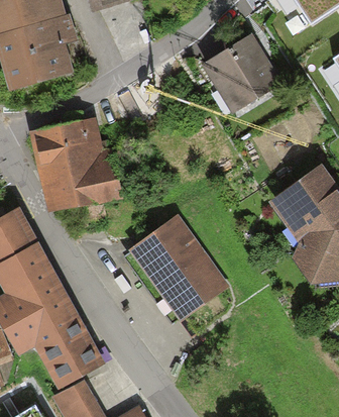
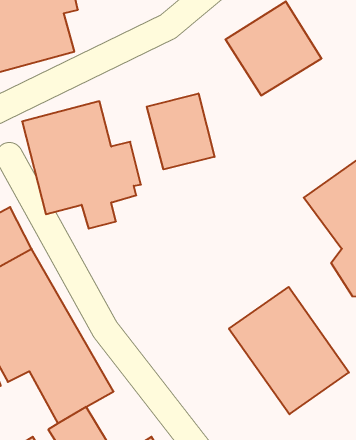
building: none -> [147,93,215,169]
building: [128,212,230,320] -> [229,287,349,414]

